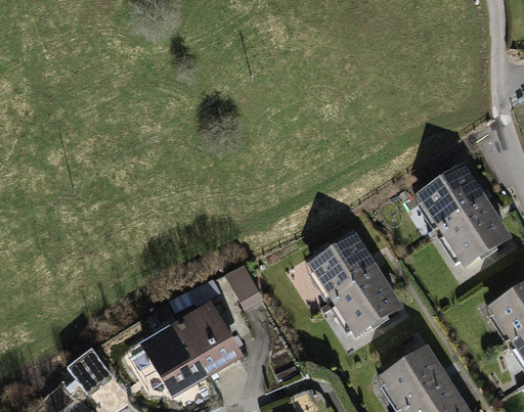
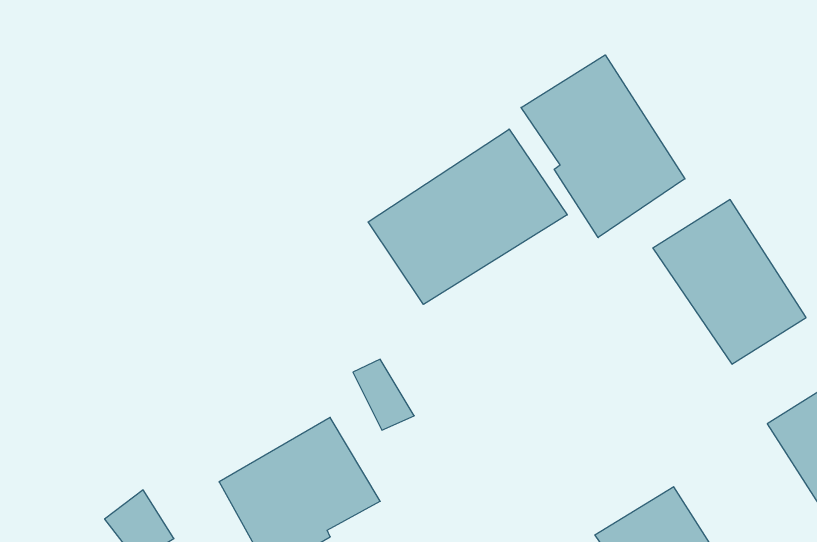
building: none -> [521,55,685,238]
building: none -> [368,129,567,304]
building: [307,234,403,336] -> none

